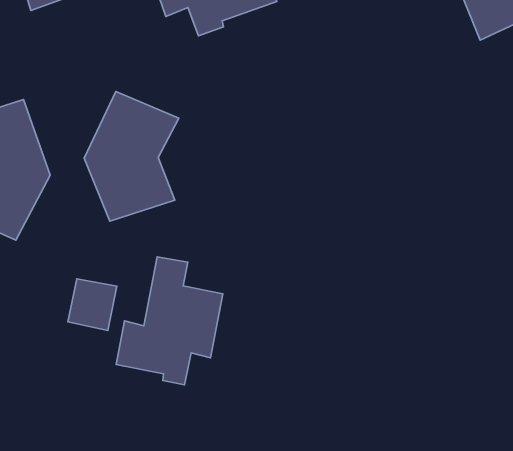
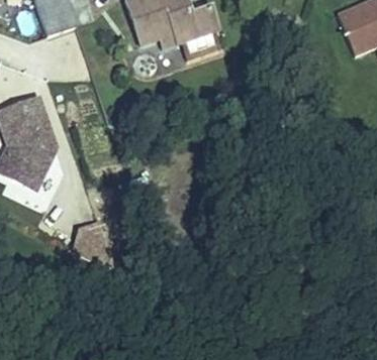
building: [84,91,179,221] -> none
building: [116,257,223,385] -> none

